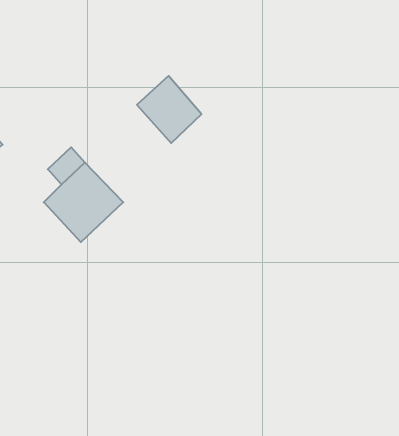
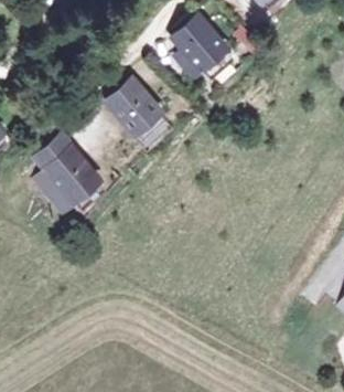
building: none -> [174,23,219,80]

